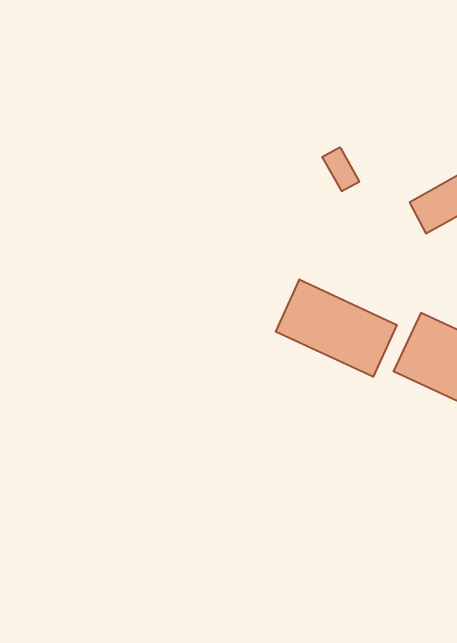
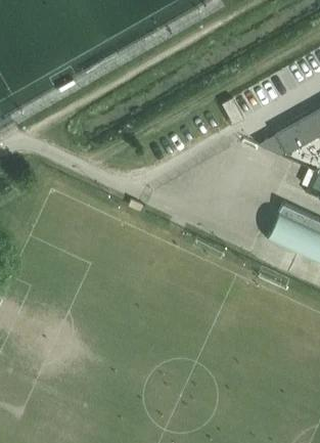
building: [276,279,397,377] -> none

